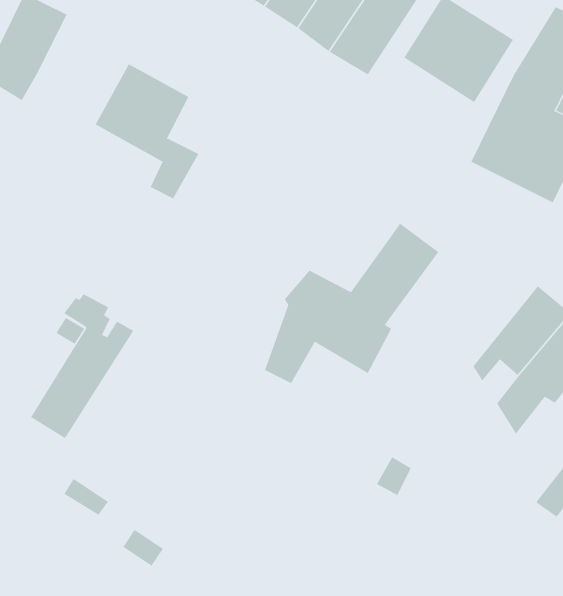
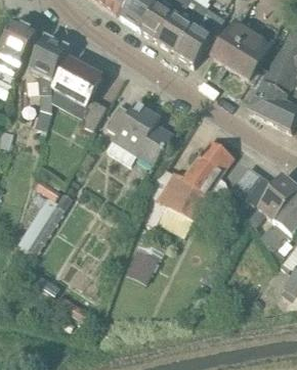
building: none -> [29,37,69,126]
building: none -> [104,101,173,165]
building: none -> [232,167,270,204]
building: none -> [126,248,158,283]

